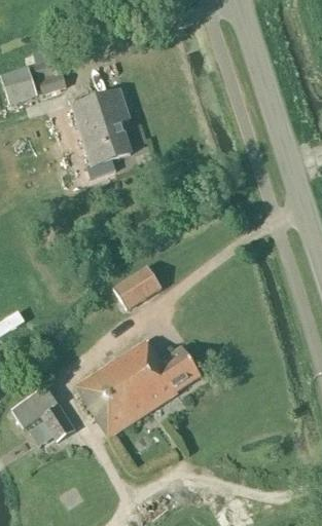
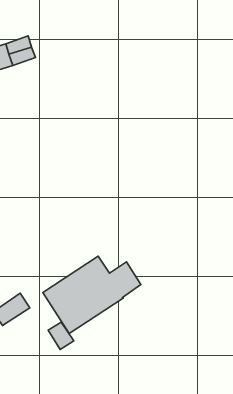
building: [71,89,131,177] -> none
building: [113,266,162,309] -> none
building: [42,406,75,441] -> [48,322,74,350]

